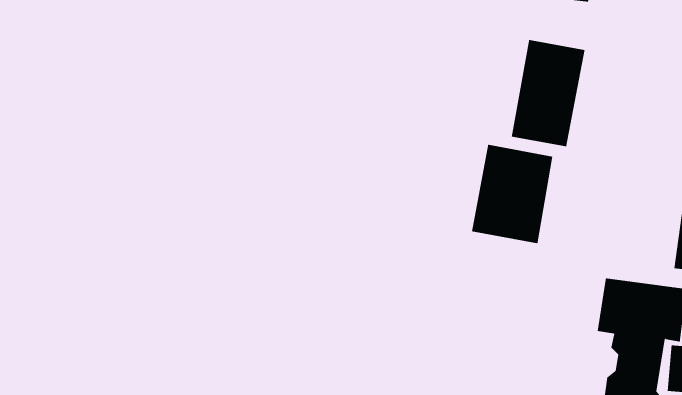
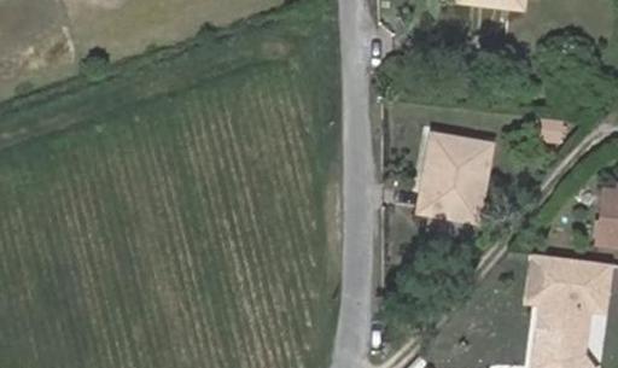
building: [511,39,585,147] -> none

